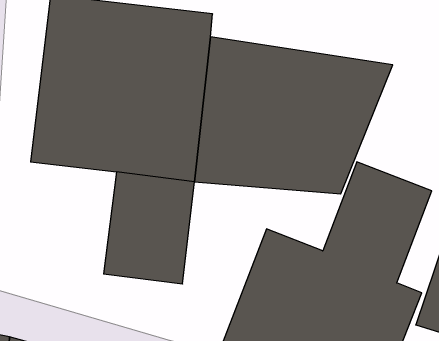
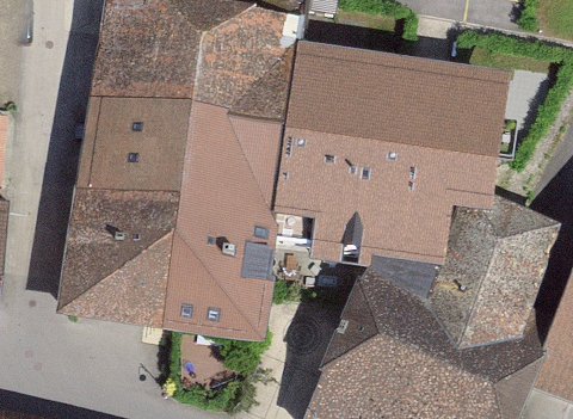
building: none -> [62,199,180,333]

